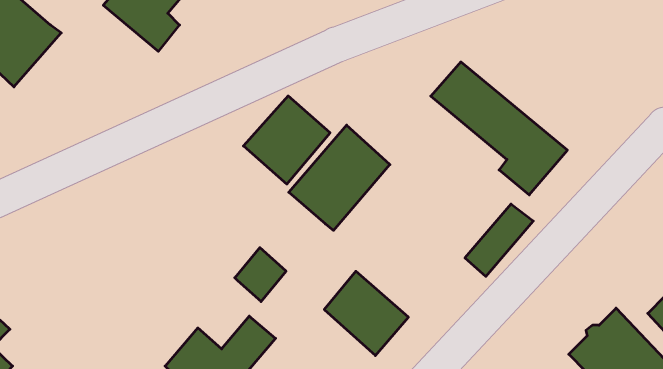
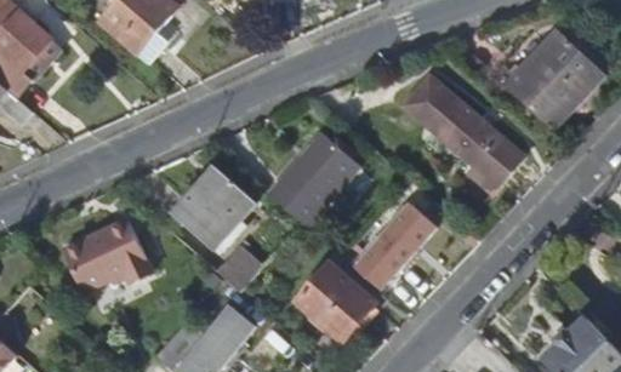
building: none -> [503,34,599,127]
building: [243,96,330,184] -> [173,168,253,250]
building: [465,204,533,276] -> [365,207,428,274]
building: none -> [61,217,152,292]

